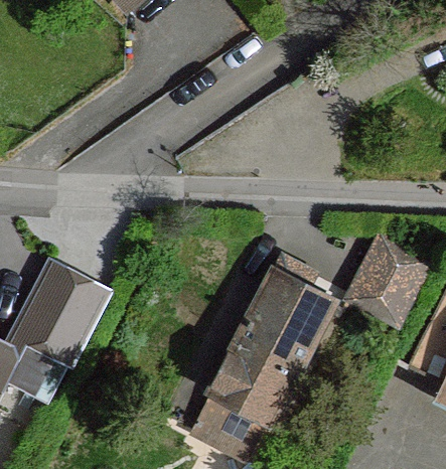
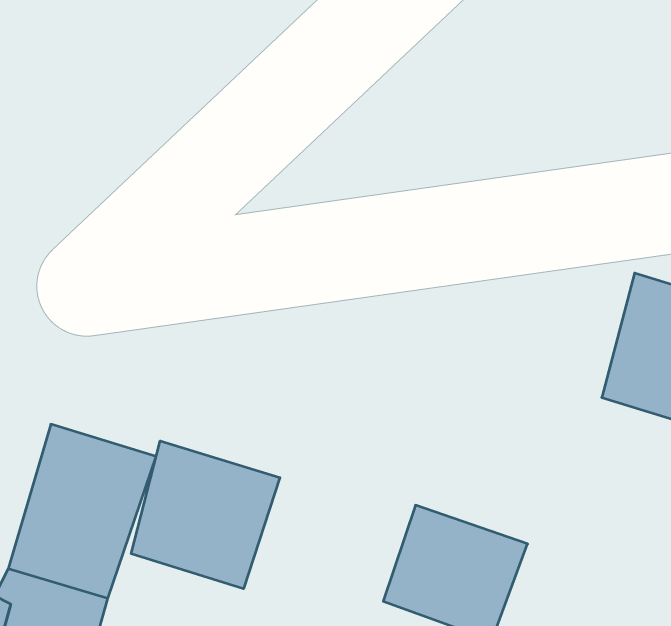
building: [243,276,334,372] -> none
building: none -> [131,441,280,589]

